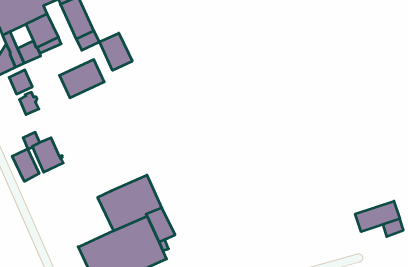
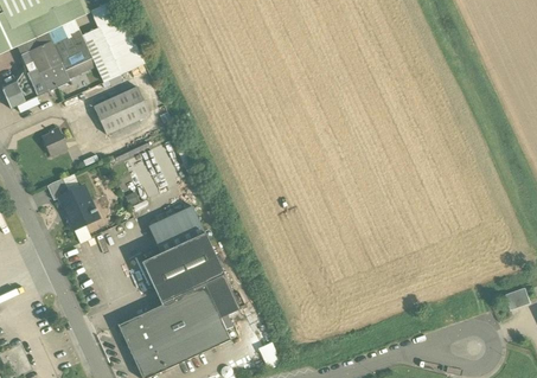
building: [100,33,132,70] -> none
building: [9,70,32,94] -> [30,41,59,72]
building: [12,149,39,181] -> none
building: none -> [147,206,204,254]
building: [355,201,400,232] -> none

